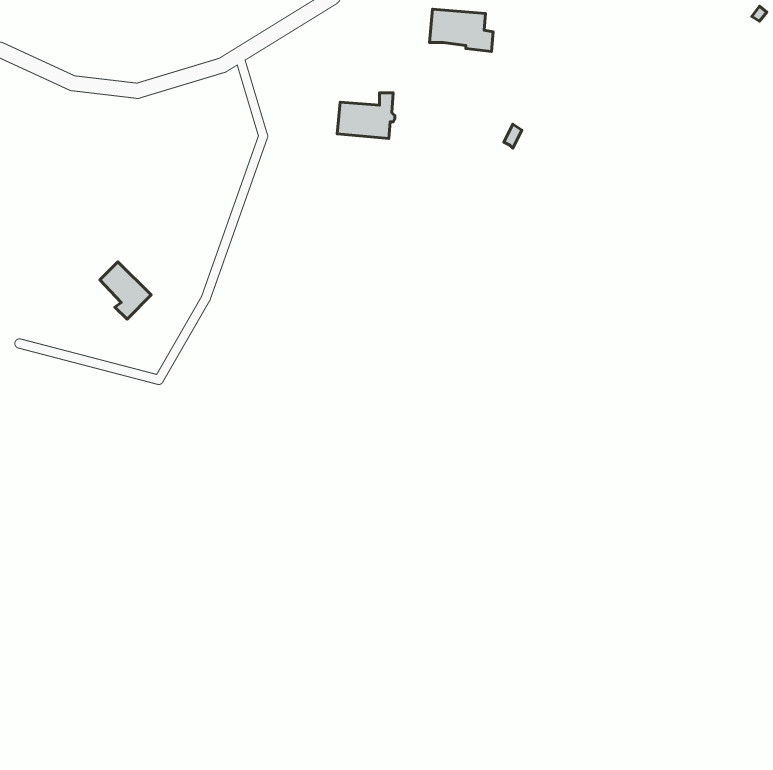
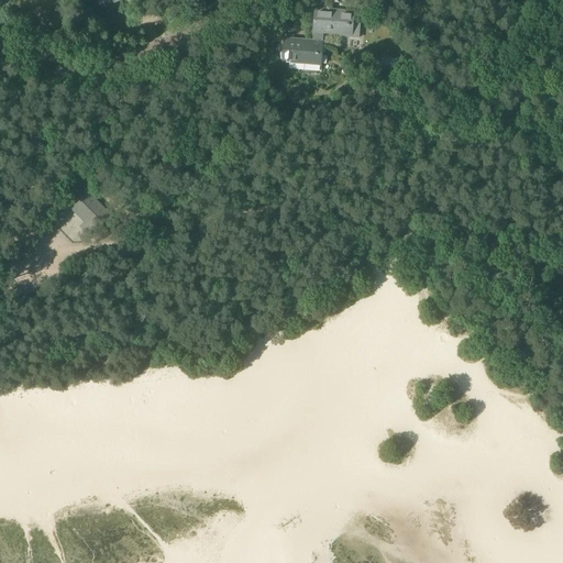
building: [337,93,395,138] -> [282,31,323,64]

